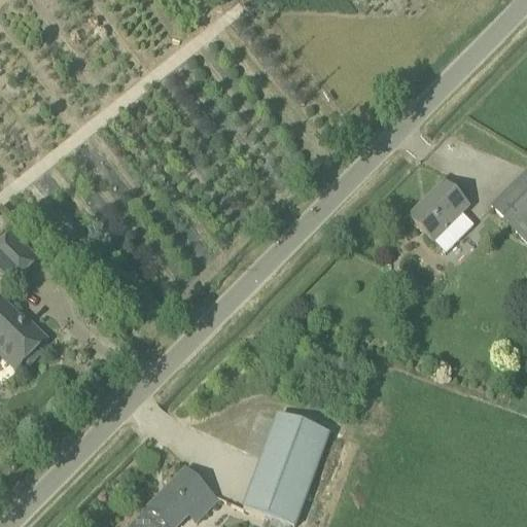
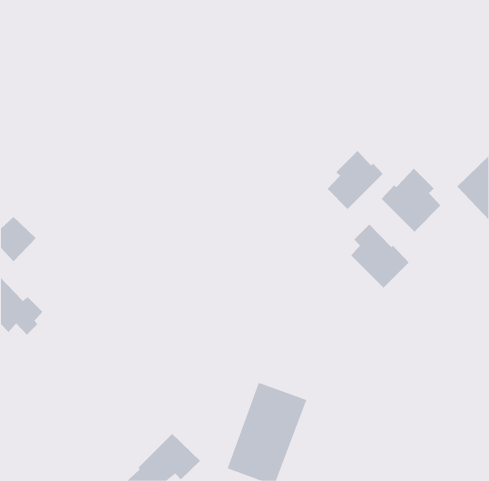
building: none -> [327,149,384,210]
building: none -> [351,223,410,288]

